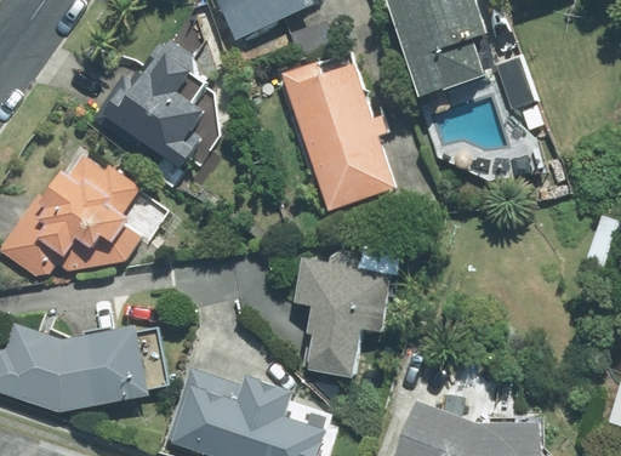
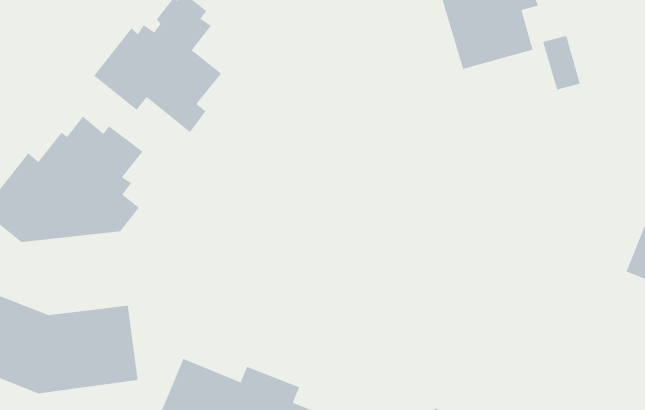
building: [281,51,395,210] -> none
building: [295,256,392,377] -> none

